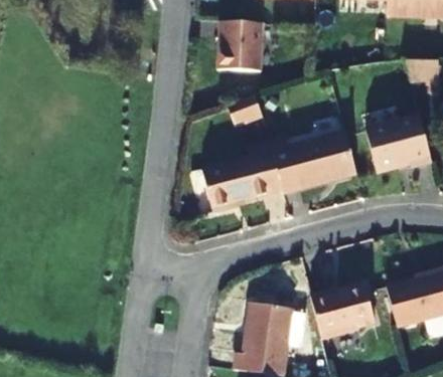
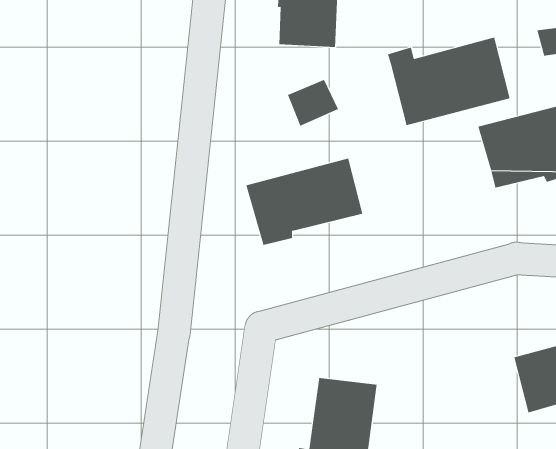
building: [269,130,355,192] -> [387,37,510,126]
building: [310,287,376,341] -> none

